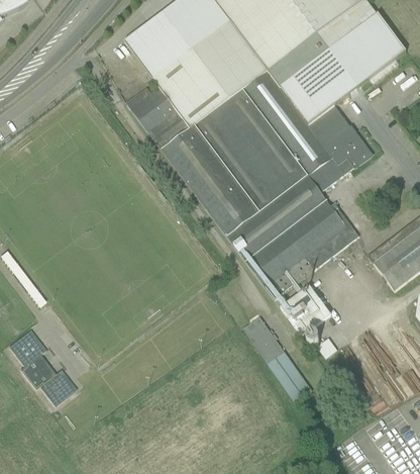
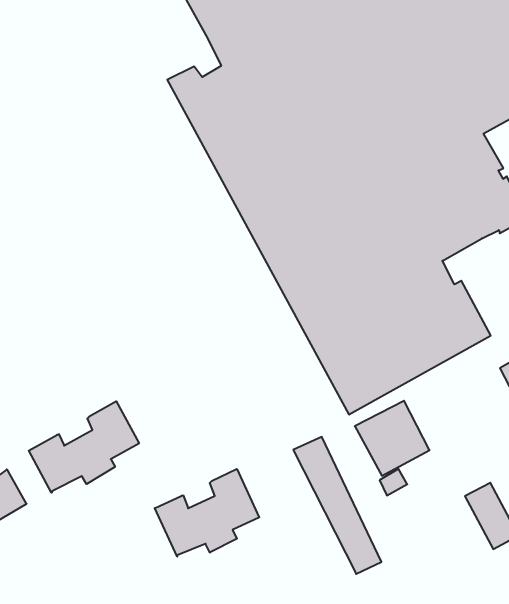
building: none -> [29,401,139,493]
building: none -> [155,469,259,557]

